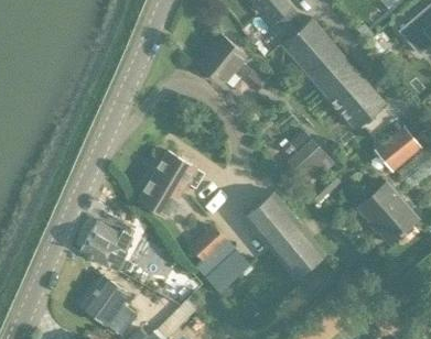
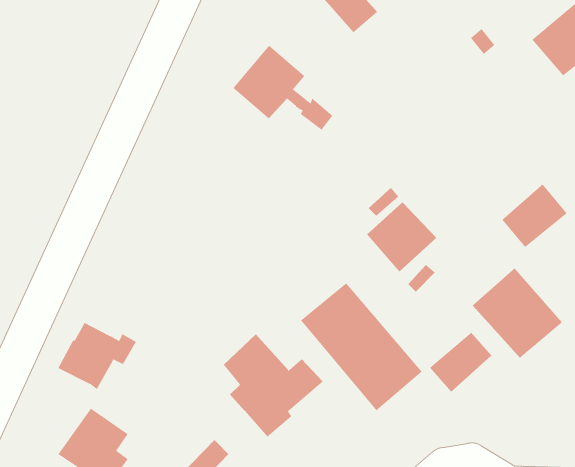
building: [282,19,385,130] -> none
building: [137,151,195,217] -> none
building: none -> [429,332,492,393]

